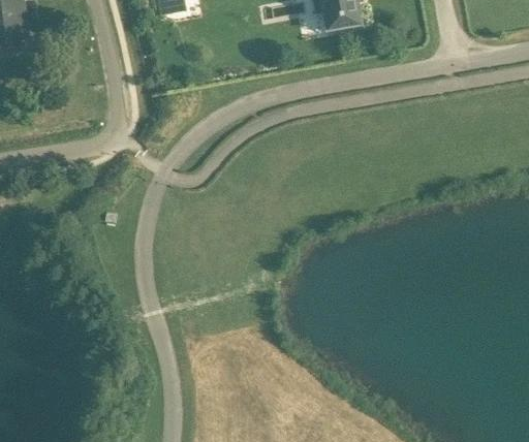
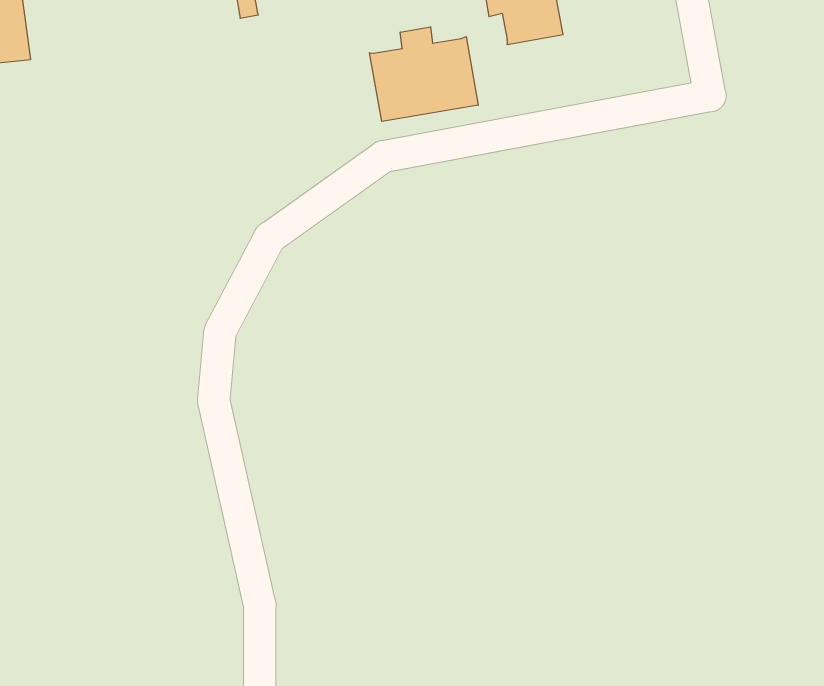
building: none -> [370,27,478,121]

